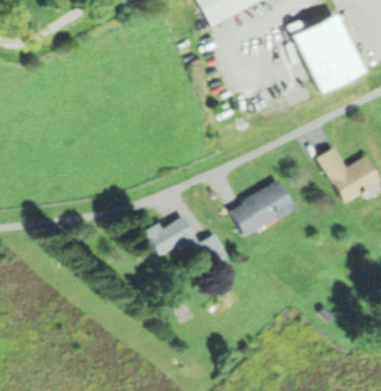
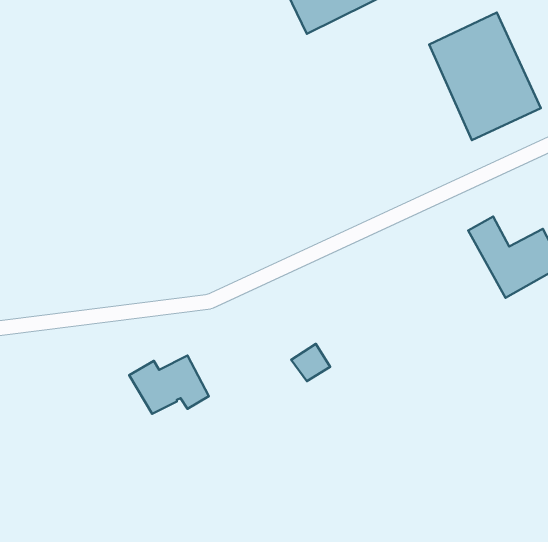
building: [230,182,293,237] -> none
building: [144,216,197,256] -> [129,356,209,414]

